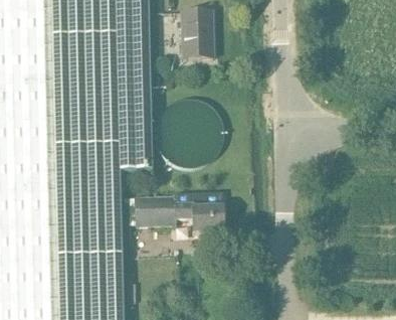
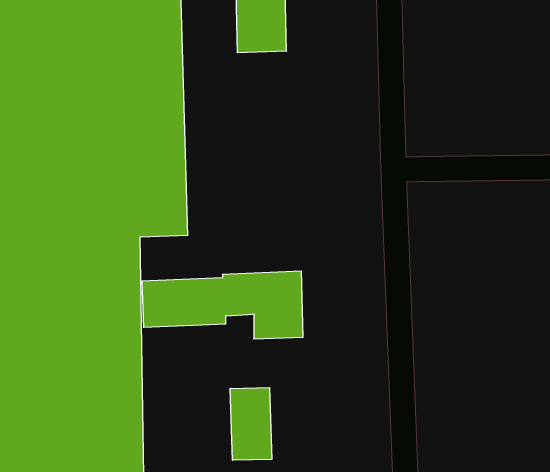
building: none -> [230,388,272,460]

